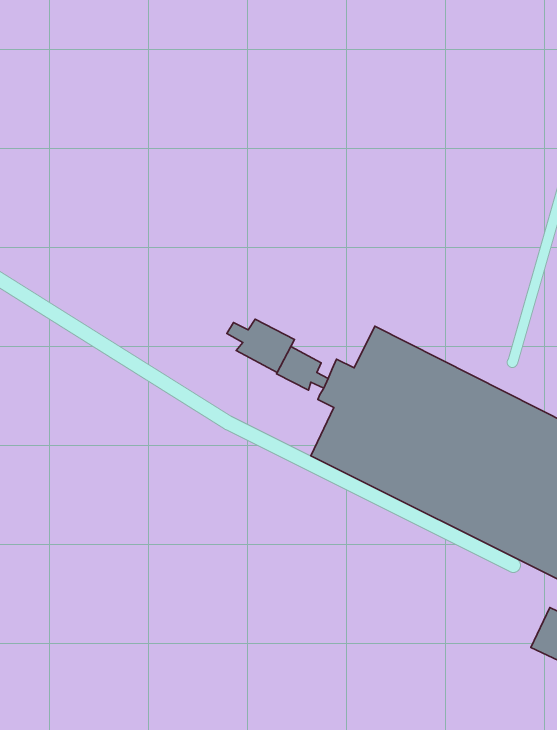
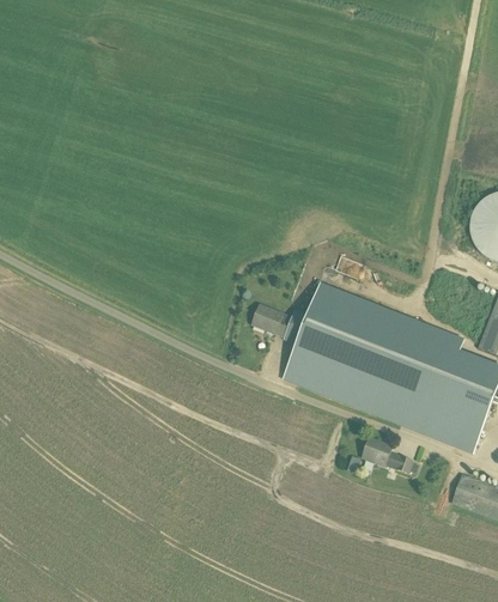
building: [227,319,295,373] -> none
building: none -> [359,436,415,472]

